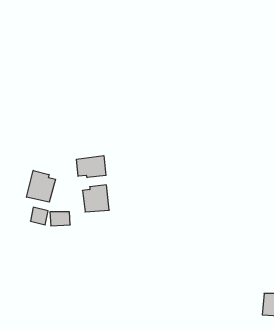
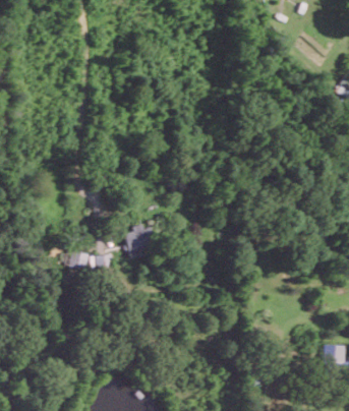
building: [77,156,106,178] -> none
building: [27,170,55,202] -> none

